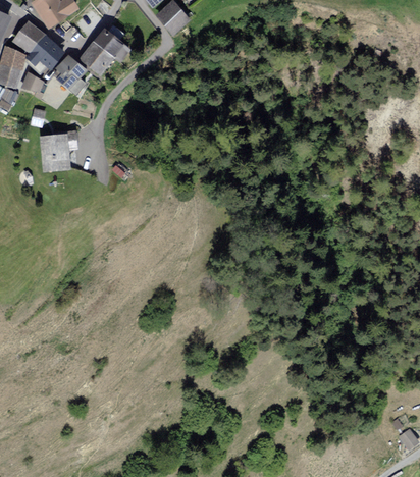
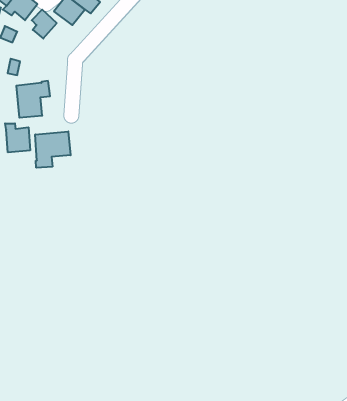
building: none -> [5,123,30,152]
building: none -> [35,131,71,168]

